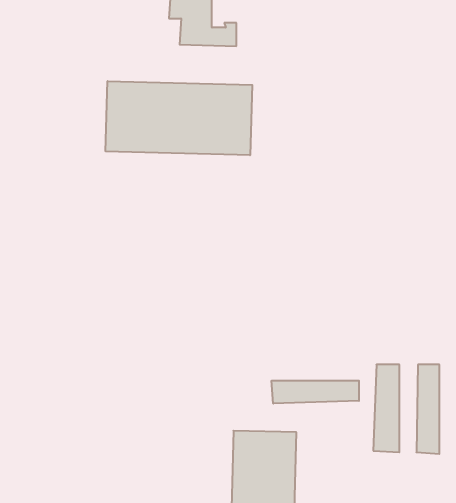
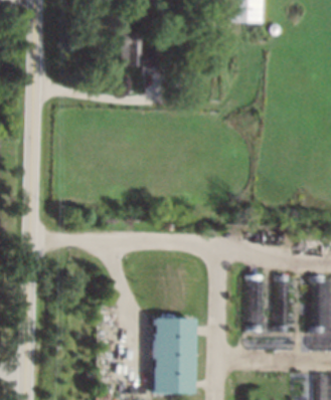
building: [106,81,252,155] -> none
building: [272,381,359,404] -> none

